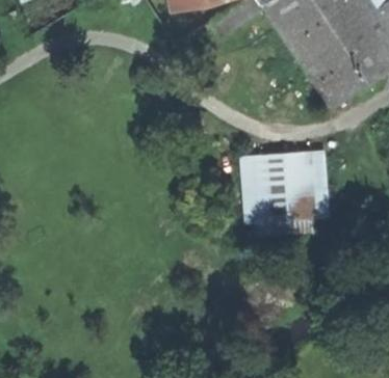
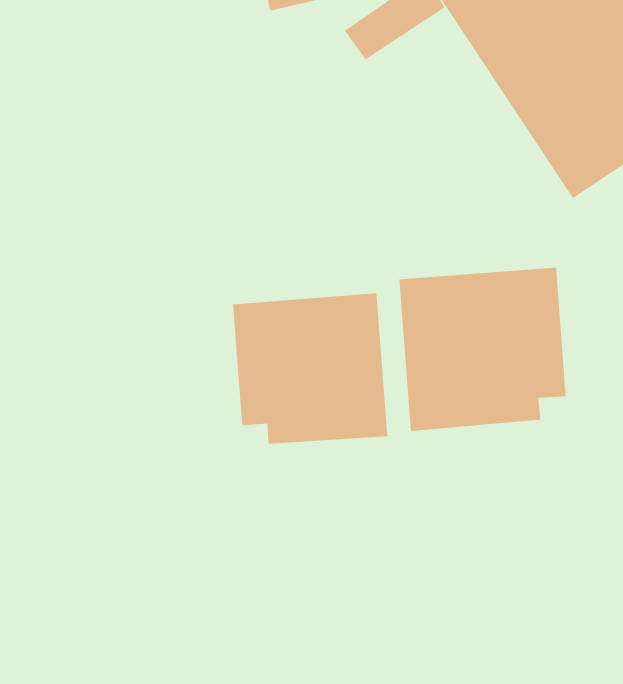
building: none -> [232,292,388,445]

